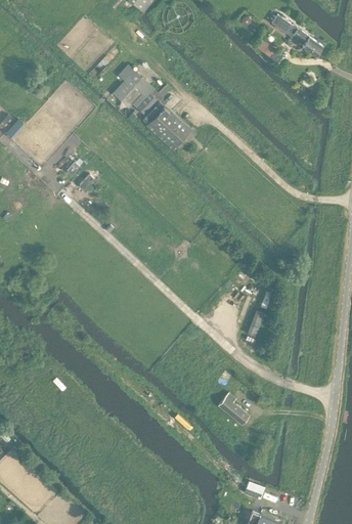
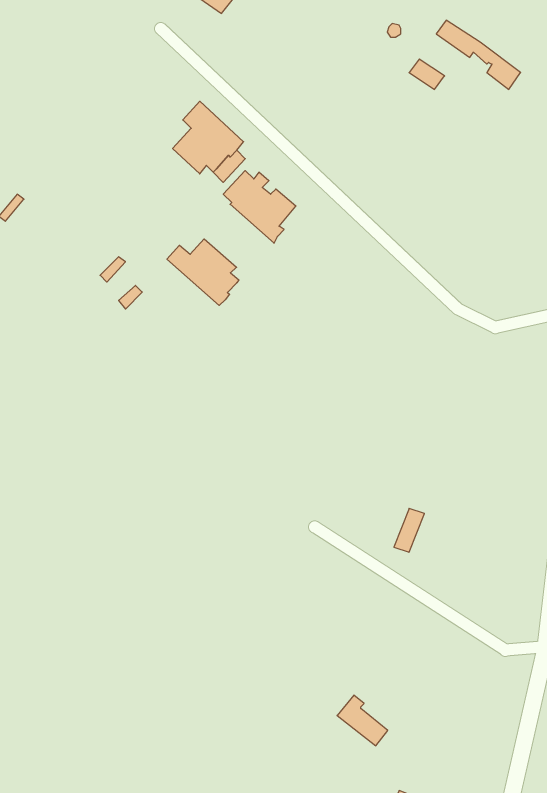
building: none -> [167,239,239,305]
building: [219,394,250,425] -> [337,695,388,746]

